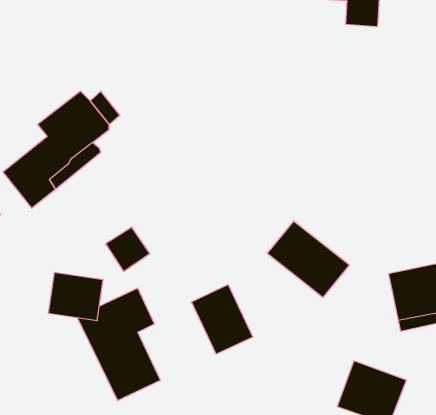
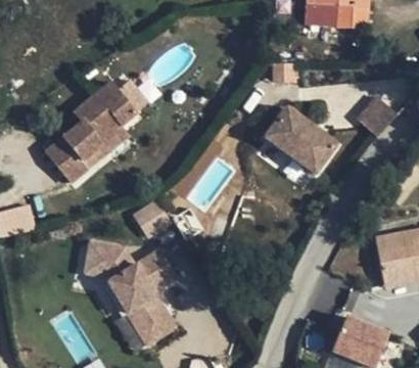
building: none -> [356,95,398,137]
building: [267,221,349,297] -> [260,110,330,176]
building: [192,284,253,354] -> none

